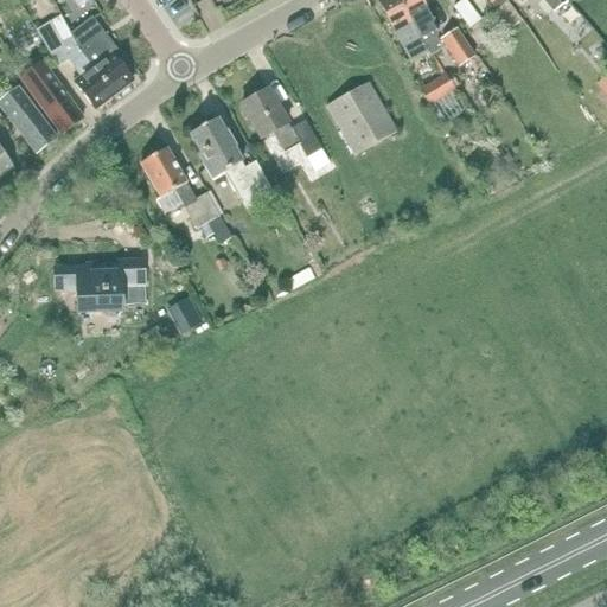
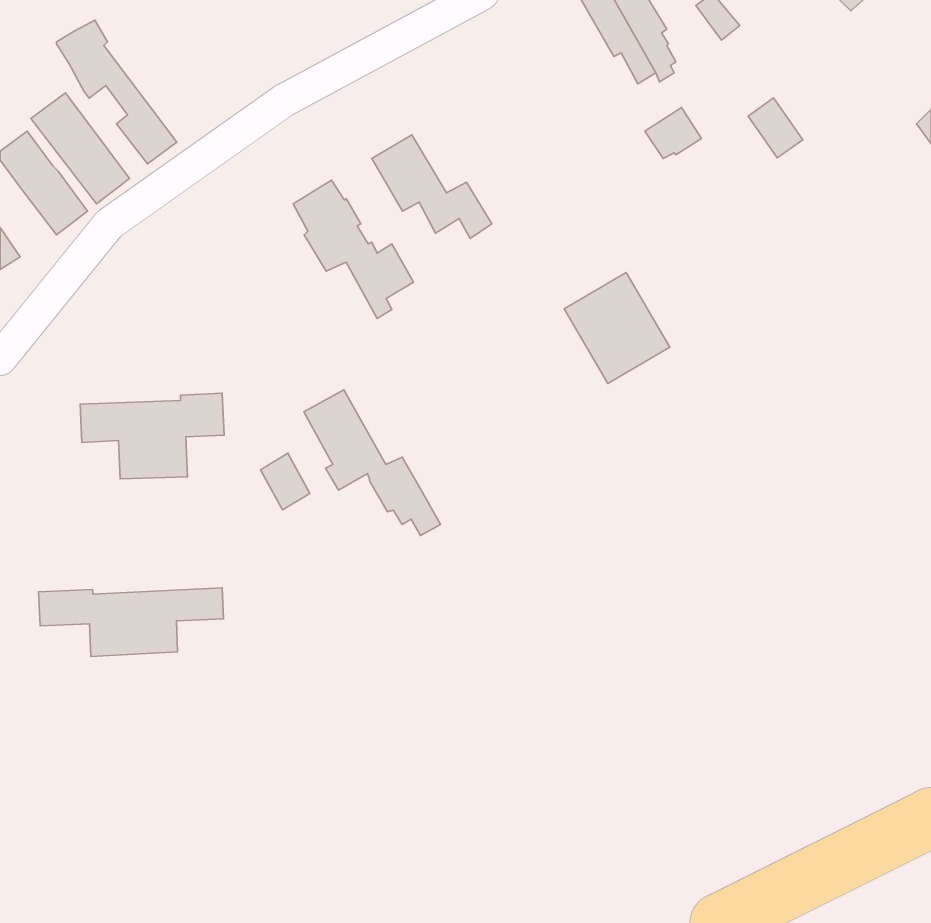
building: [68,12,134,92] -> none
building: [440,25,475,64] -> [748,98,803,158]
building: [327,79,396,152] -> [564,272,670,383]
building: [141,147,230,242] -> [304,390,440,536]
building: none -> [39,588,223,656]

